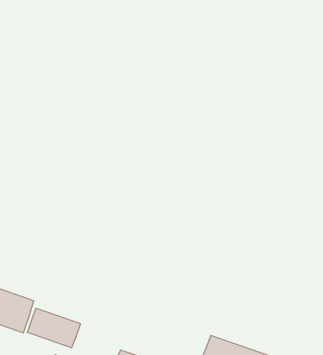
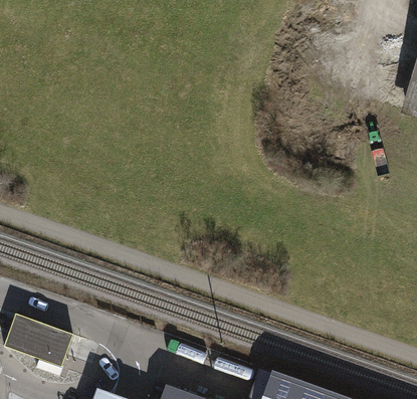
building: [27,308,80,348] -> none

